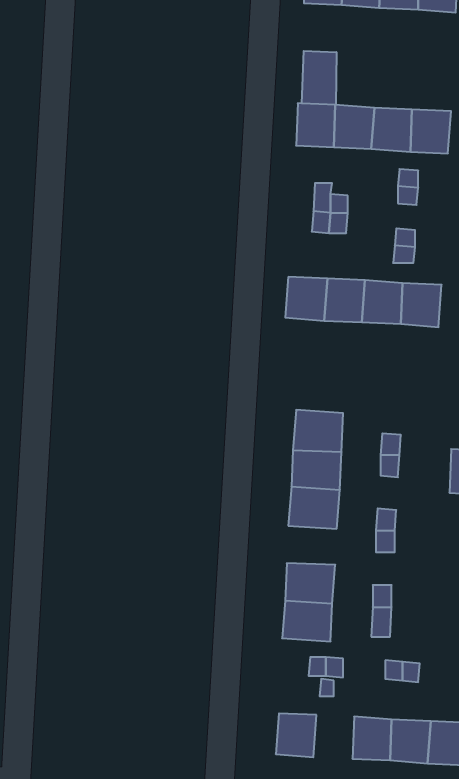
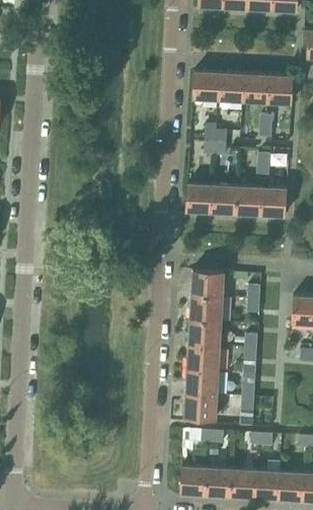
building: [302,51,336,105] -> none
building: none -> [186,345,219,370]
building: none -> [204,467,230,496]

